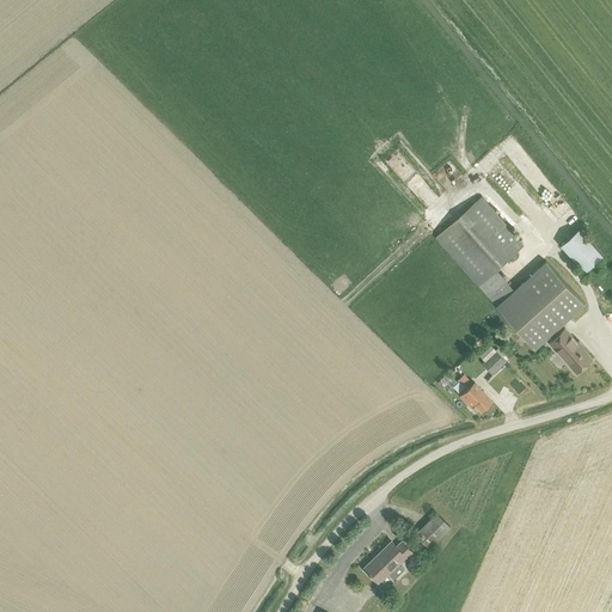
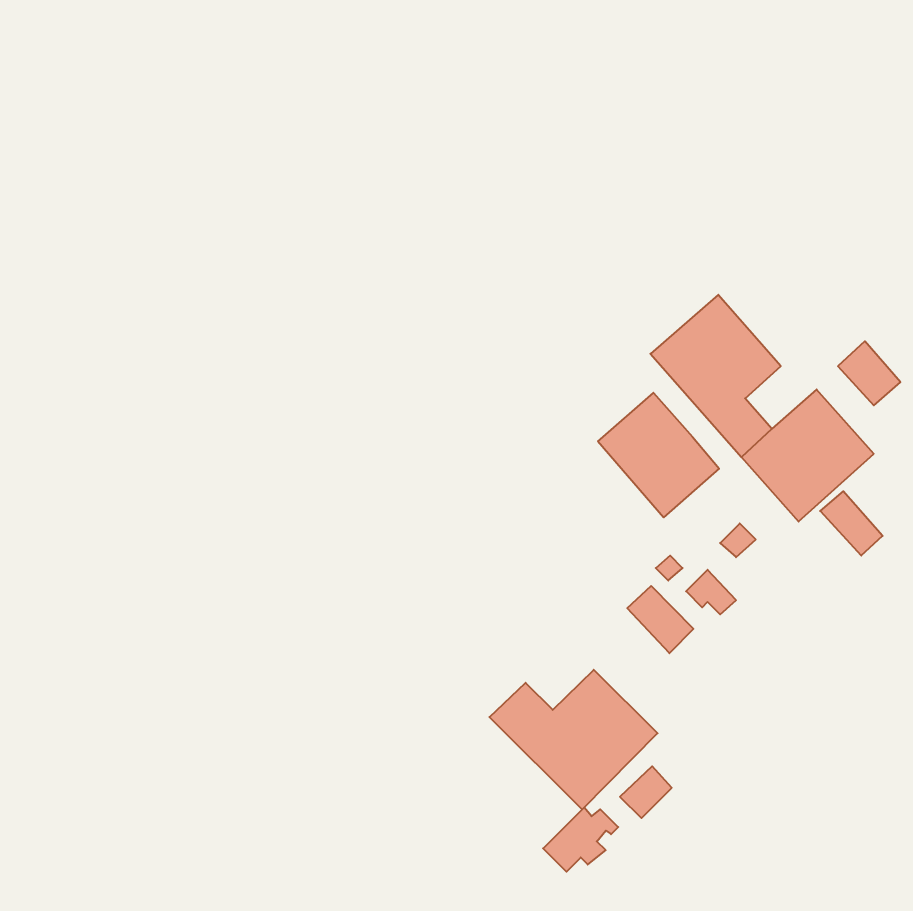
building: none -> [598,393,719,517]
building: none -> [627,586,693,653]
building: none -> [489,670,658,810]

